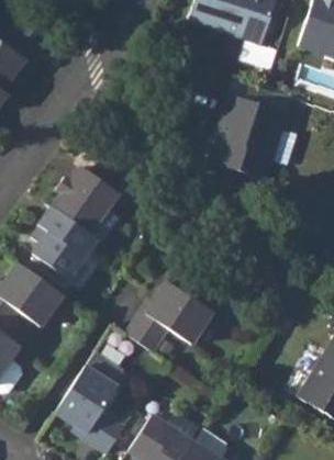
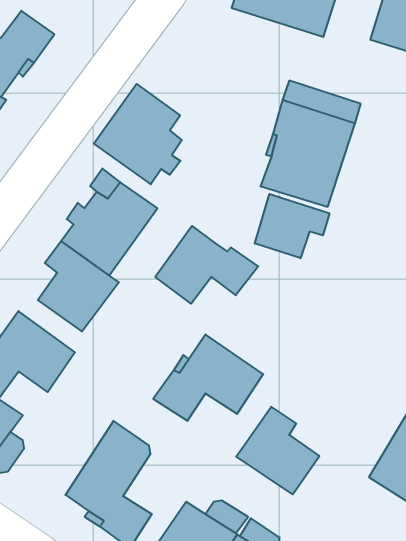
building: none -> [94,84,182,184]
building: none -> [255,194,329,258]
building: none -> [155,226,258,304]
building: none -> [236,407,319,494]

